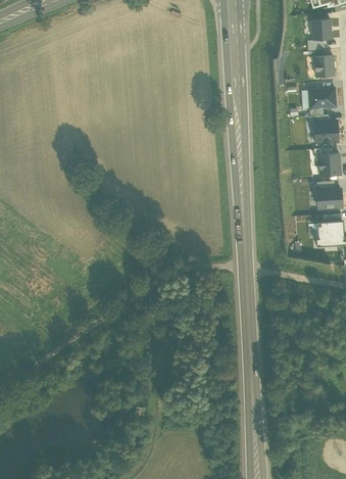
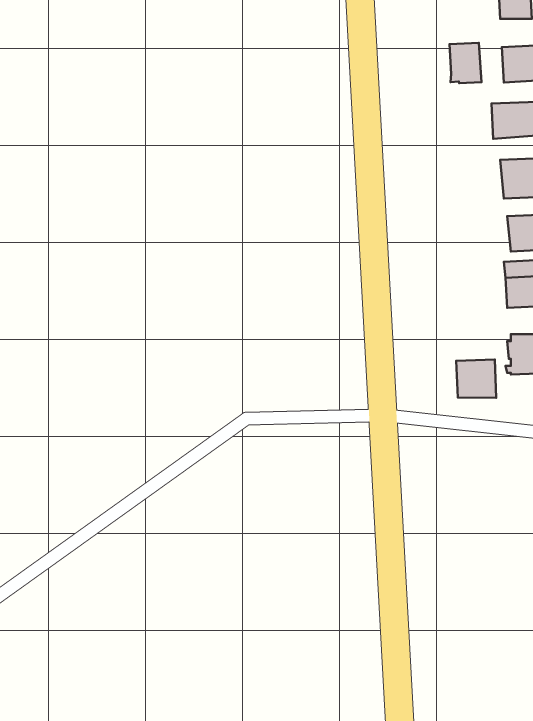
building: none -> [450,43,482,83]
building: none -> [456,360,496,398]

